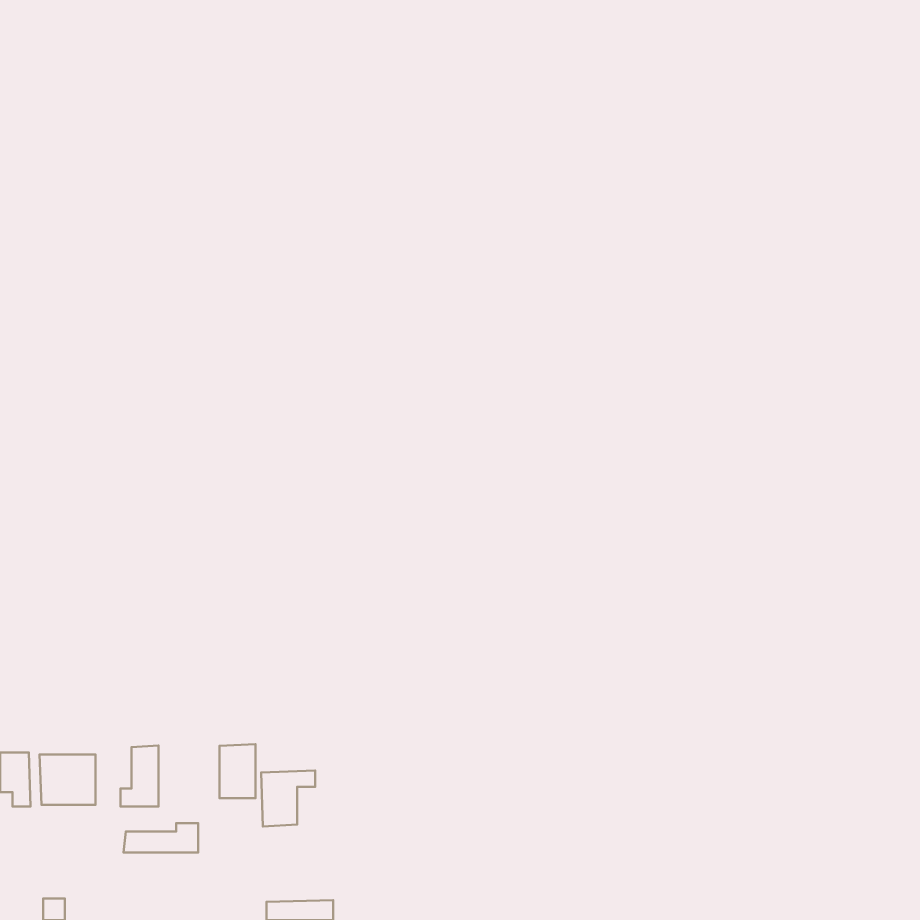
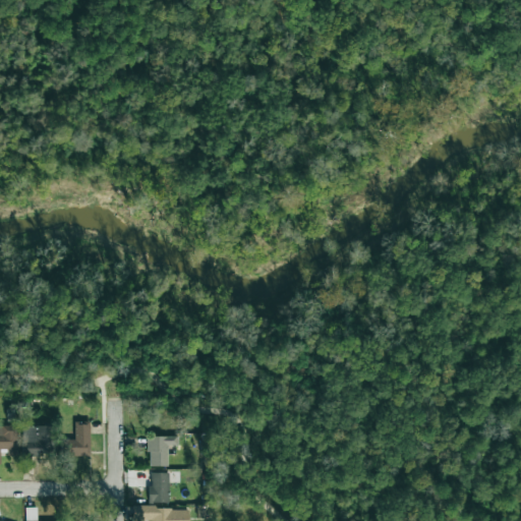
building: [220,744,256,798] -> [149,472,169,503]
building: [124,823,198,853] -> none

